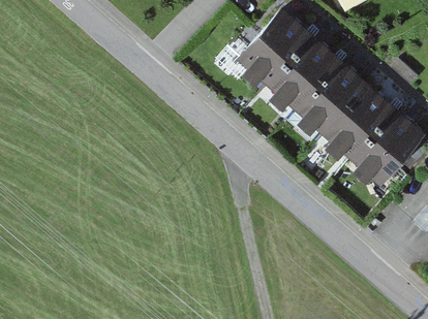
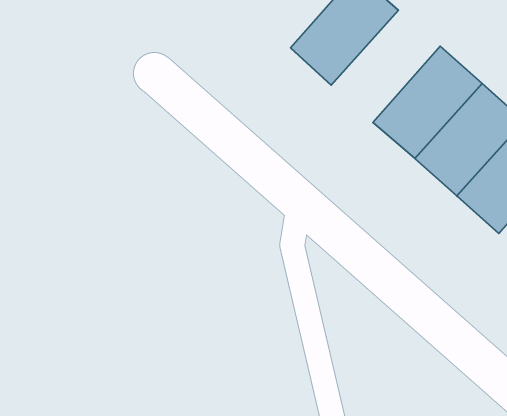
building: [265,33,340,110] -> none

